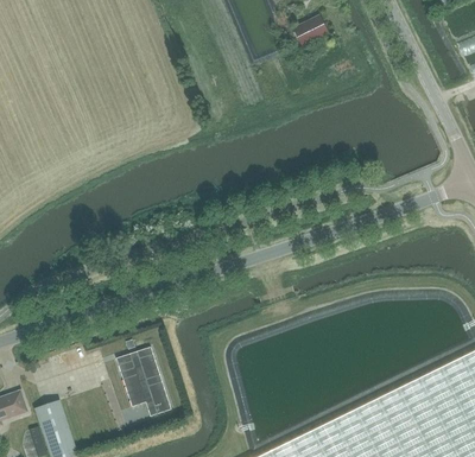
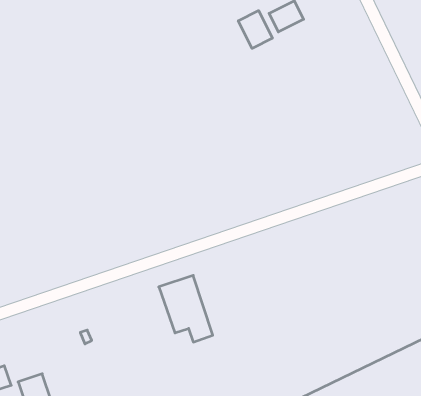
building: none -> [238,11,272,48]
building: [115,345,171,414] -> [159,275,213,342]

